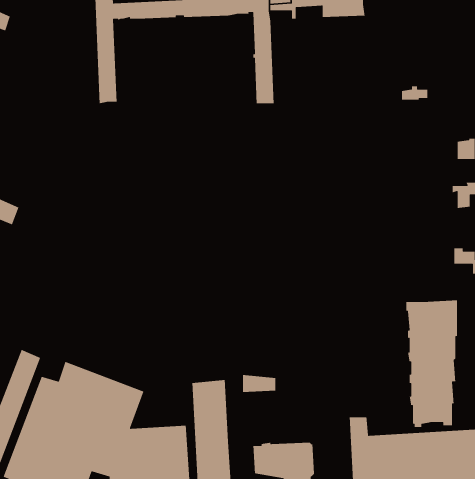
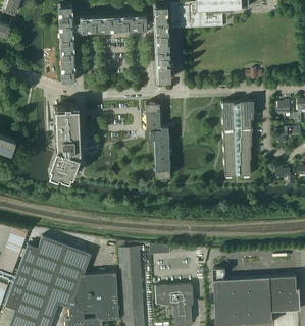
building: none -> [145,102,170,178]
building: none -> [44,107,80,179]
building: [405,300,458,428] -> [220,101,252,178]

